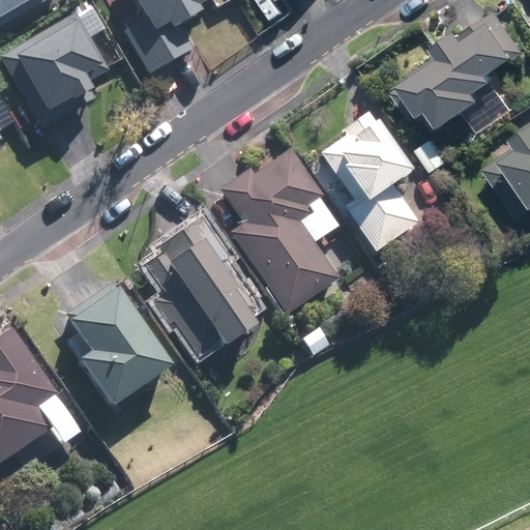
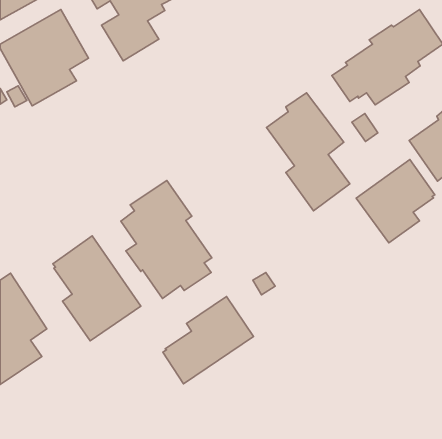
building: [218,147,340,313] -> none
building: none -> [356,159,435,243]
building: none -> [163,297,254,384]

